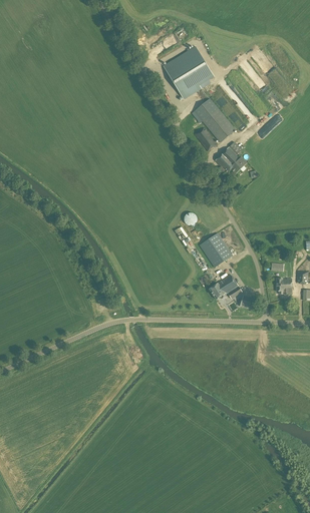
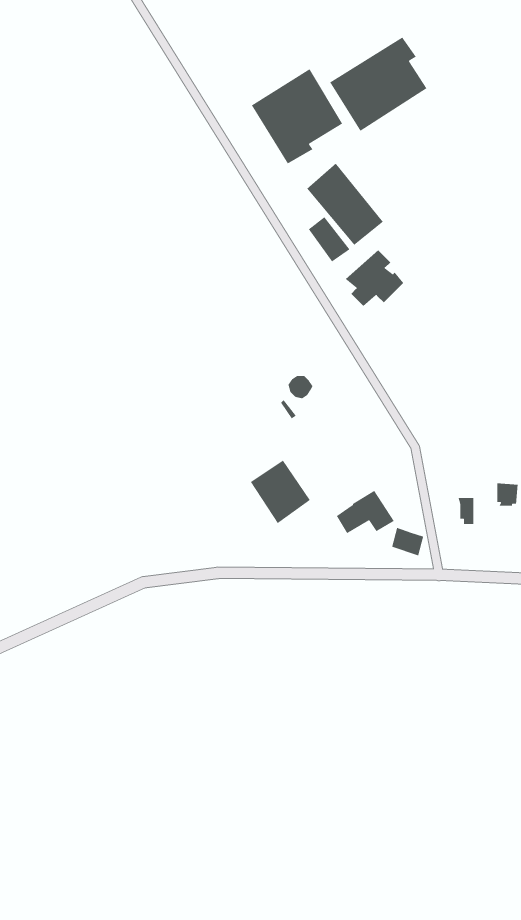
building: none -> [329,36,428,132]
building: [199,231,232,267] -> [250,460,311,524]

